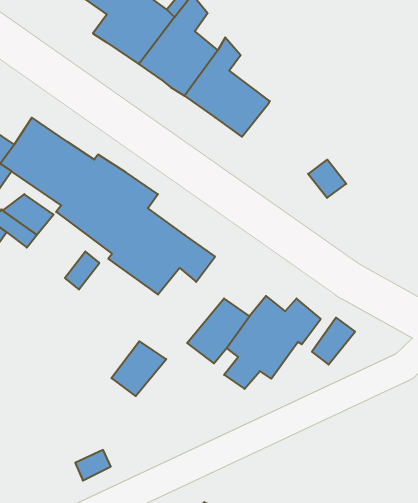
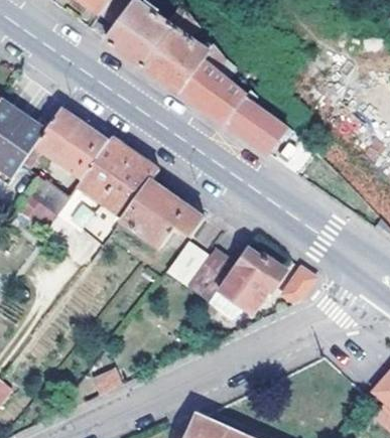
building: none -> [226,97,287,153]
building: [111,341,166,396] -> [163,243,207,286]

